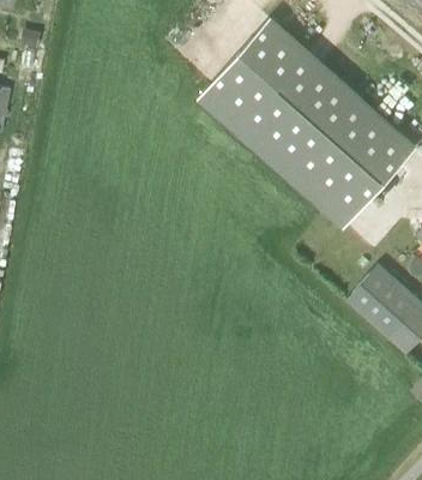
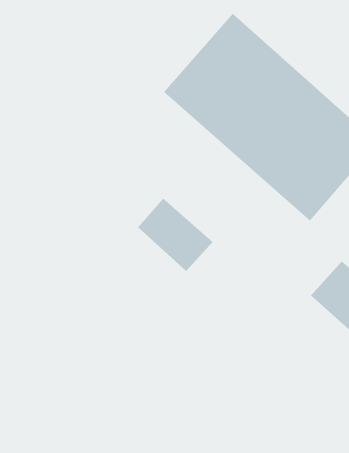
building: none -> [137,197,213,272]

